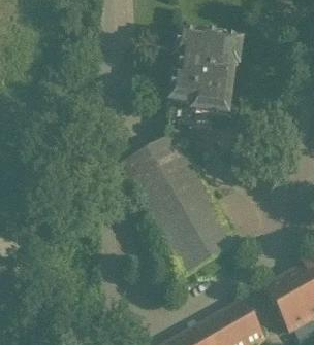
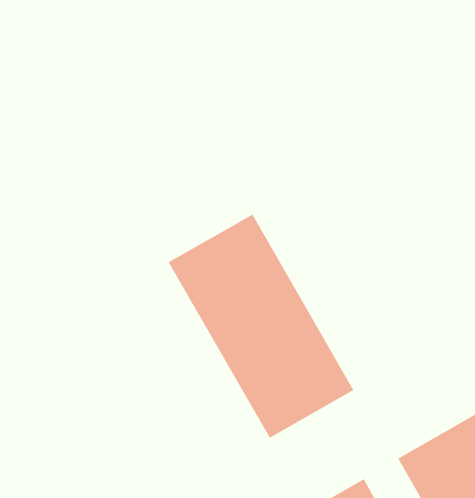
building: [166,34,240,139] -> none

